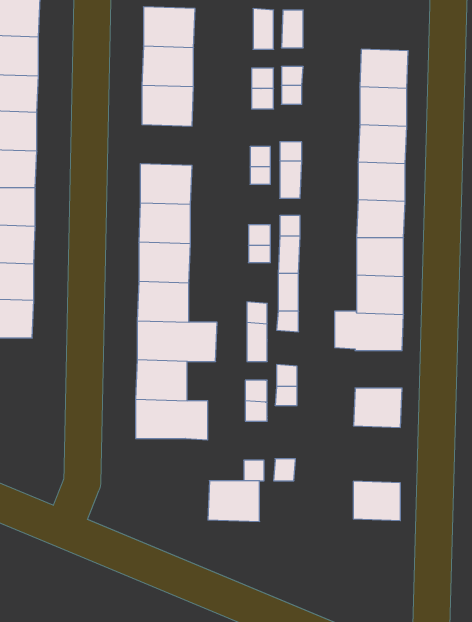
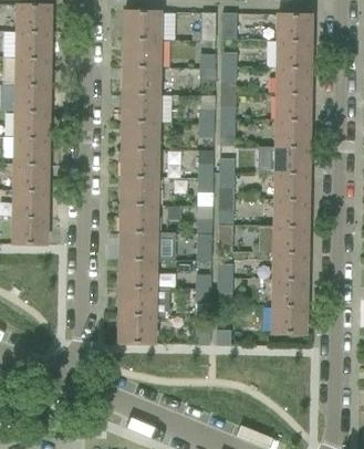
building: none -> [279,14,312,42]
building: none -> [123,94,159,123]
building: none -> [274,253,308,280]
building: [208,481,260,521] -> [118,315,155,344]
building: [353,481,400,521] -> [273,306,306,334]

